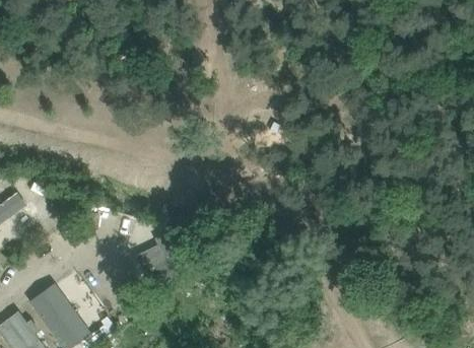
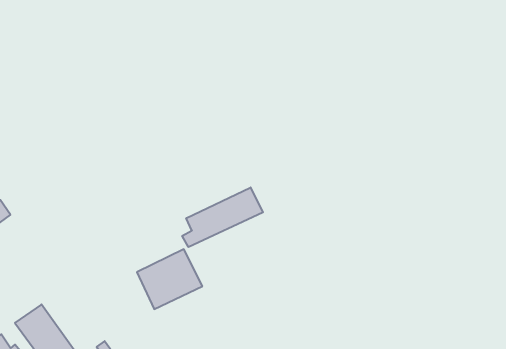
building: none -> [182,187,263,247]

